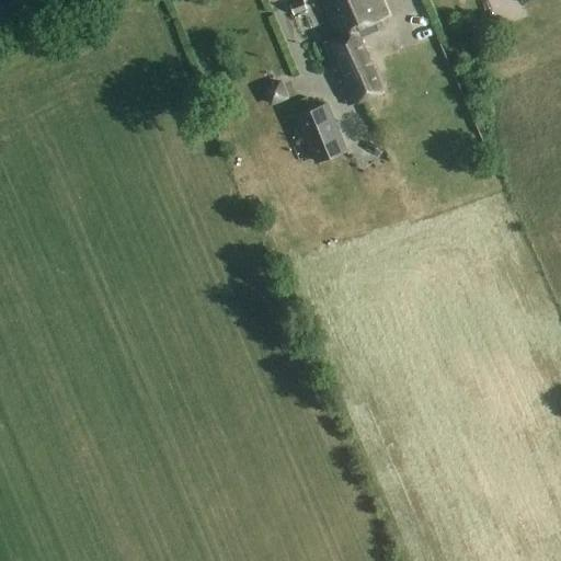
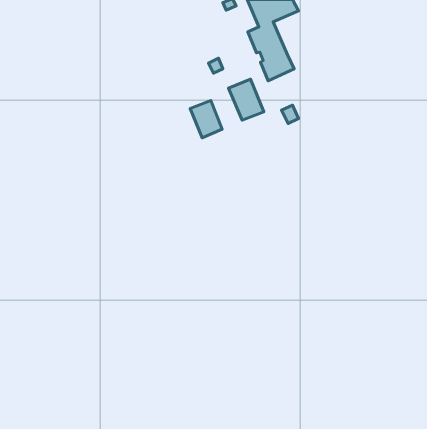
building: none -> [190,100,222,138]

